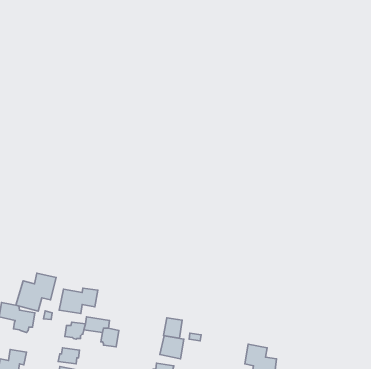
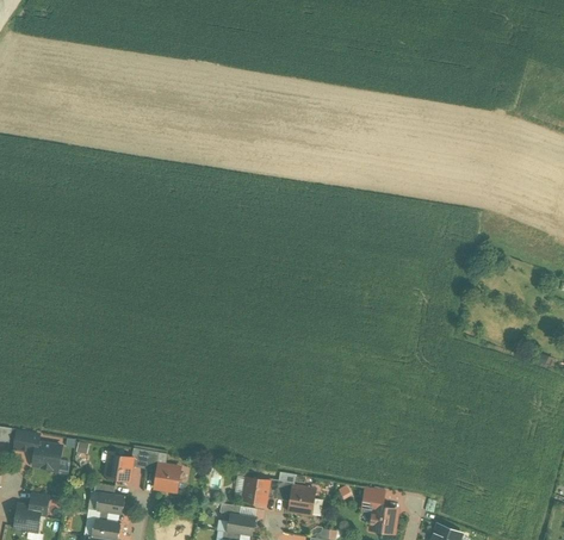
building: [16,273,56,311] -> none
building: [59,288,98,313] -> none
building: [163,318,182,338] -> [289,486,315,515]

